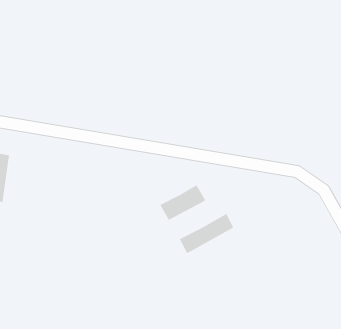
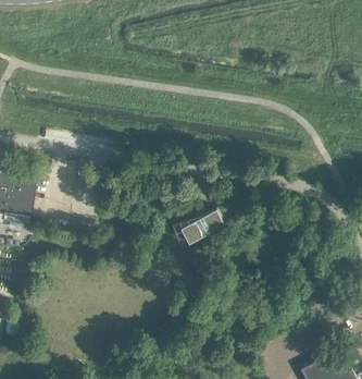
building: [179,213,234,254] -> none

